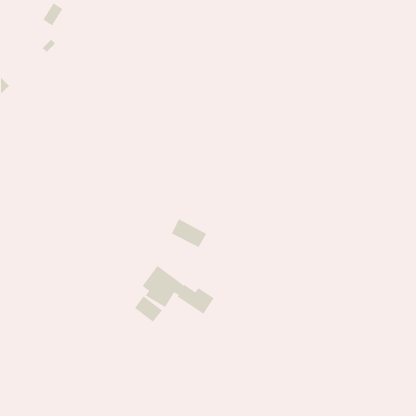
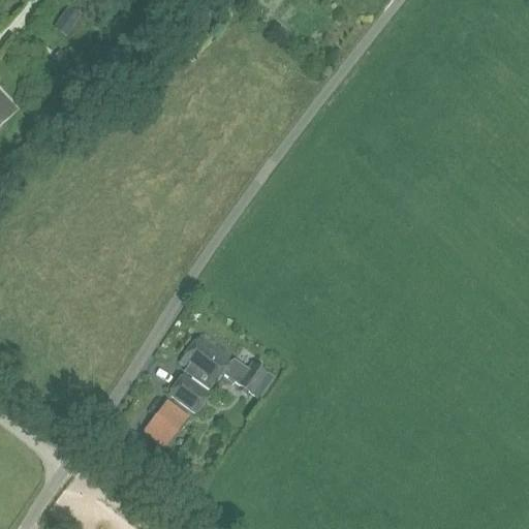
building: [171,218,207,248] -> none
building: none -> [146,401,182,441]

